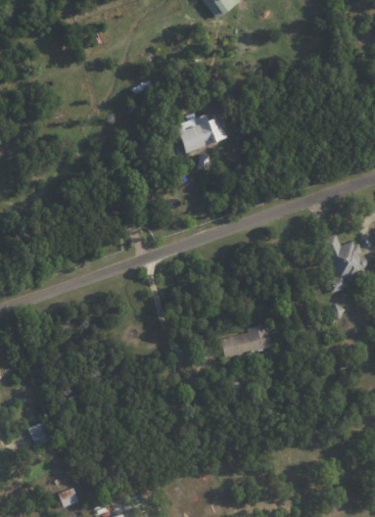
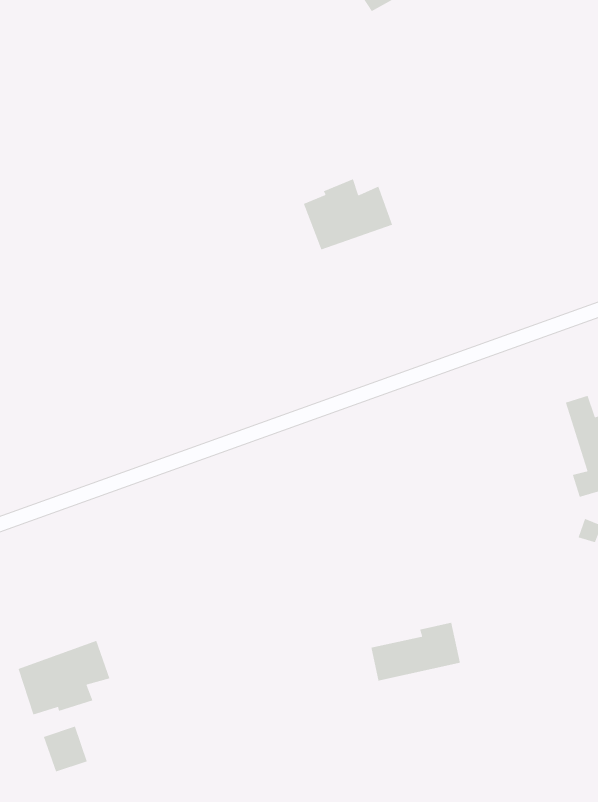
building: [220,324,271,358] -> [371,622,461,681]
building: none -> [18,640,111,715]

